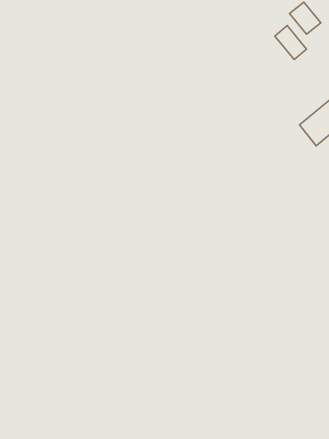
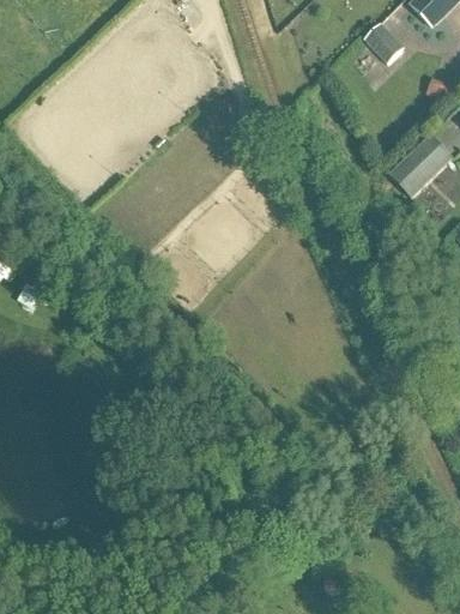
building: [275,26,306,60] -> none

